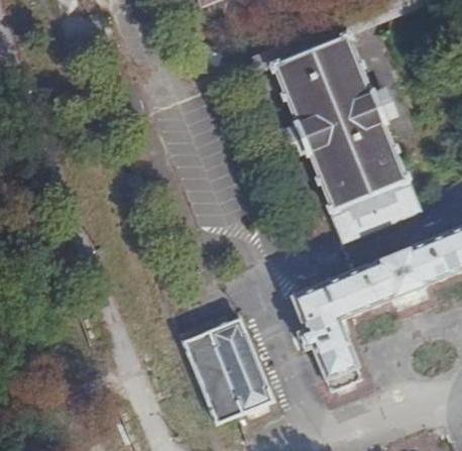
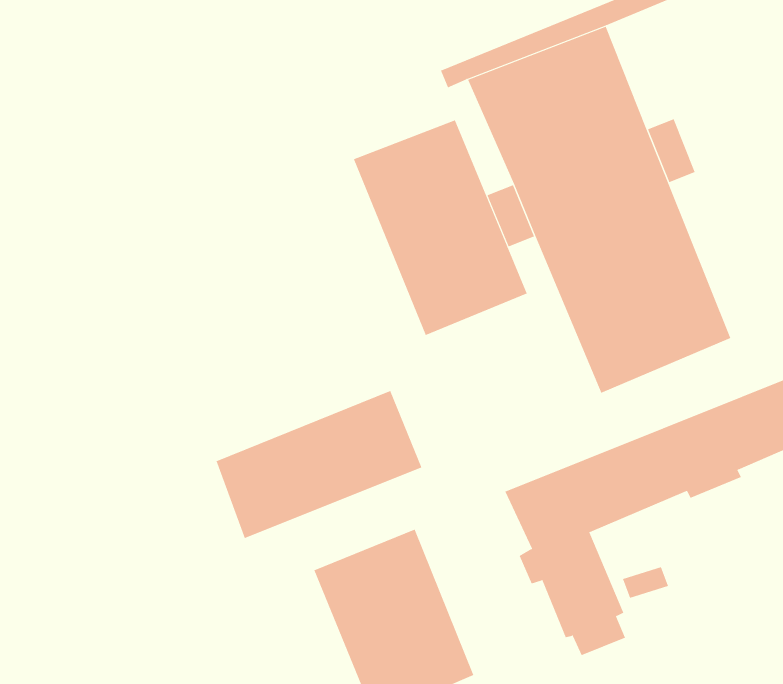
building: none -> [353,120,527,336]
building: none -> [216,390,422,539]

